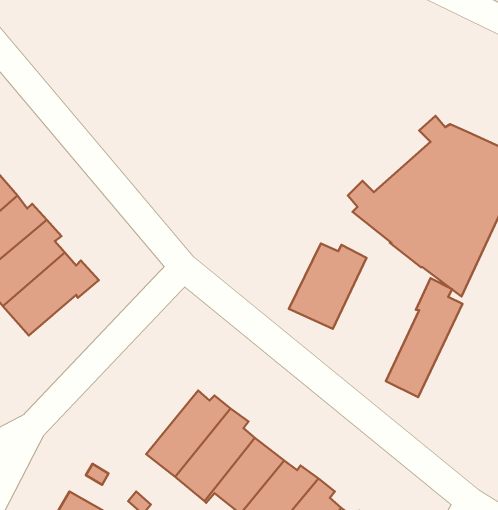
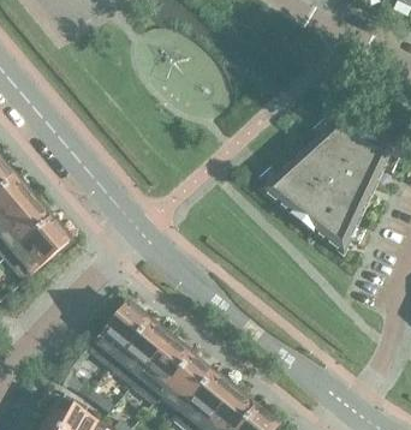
building: [289,244,366,329] -> none
building: [386,278,462,397] -> none
building: none -> [87,298,148,369]

